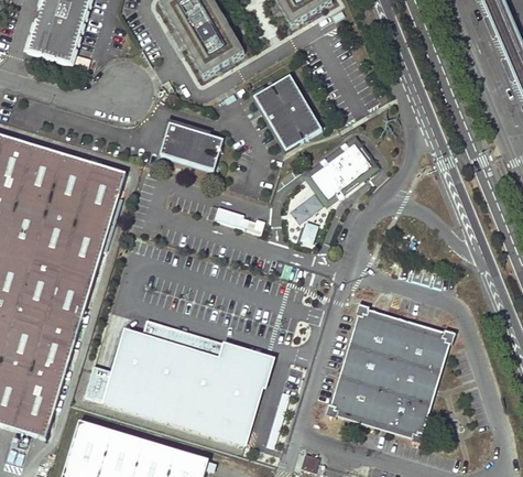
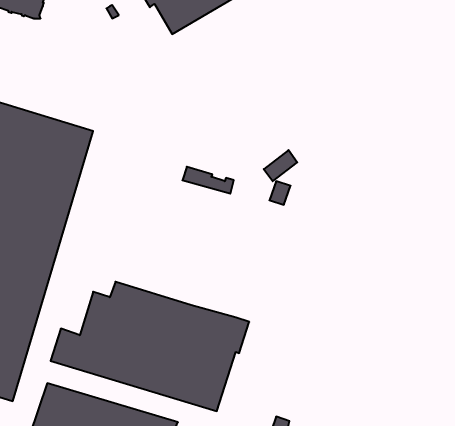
building: [254,73,319,147] -> none
building: [159,123,221,170] -> none
building: [308,139,377,200] -> none
building: [323,302,453,442] -> none

